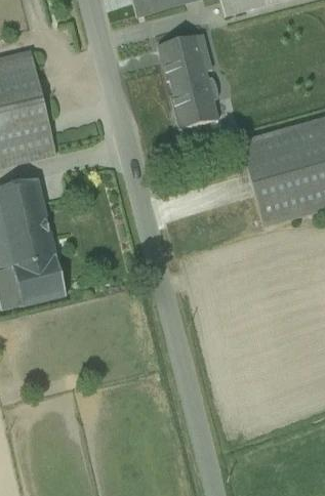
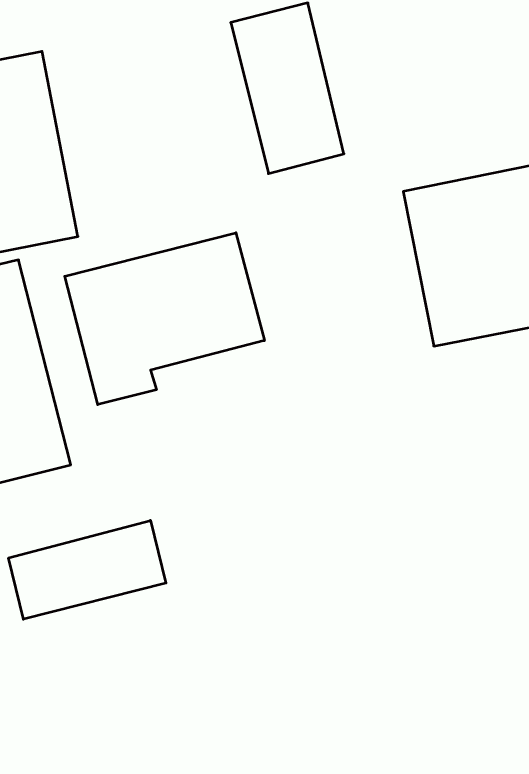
building: none -> [65,233,264,405]
building: none -> [9,520,166,619]

